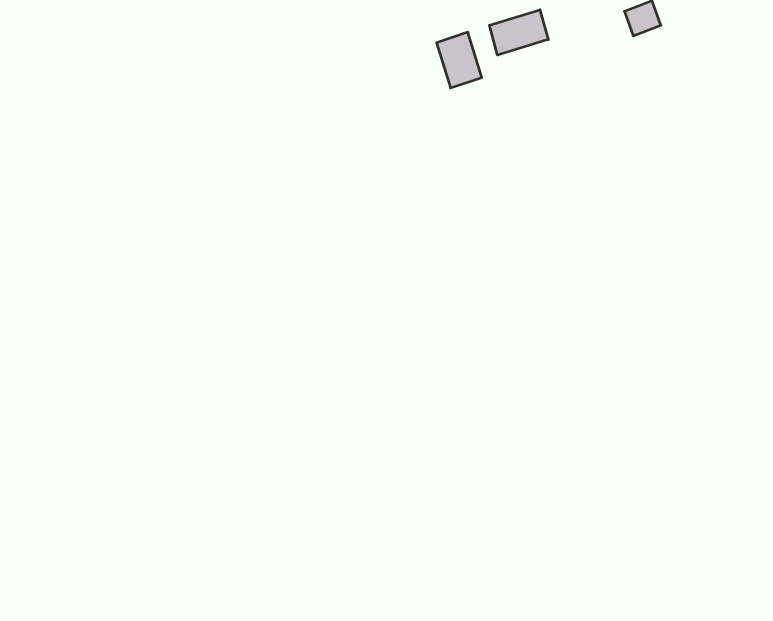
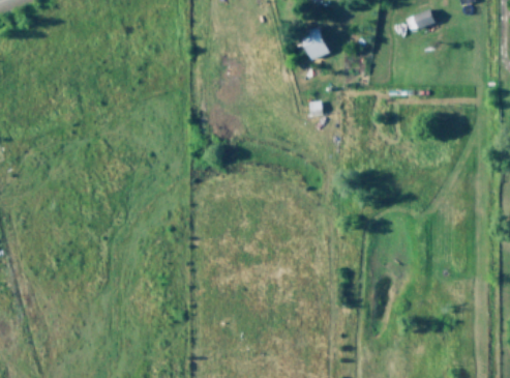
building: [489,10,548,55] -> none

